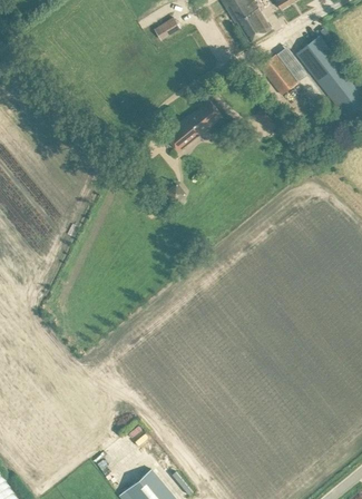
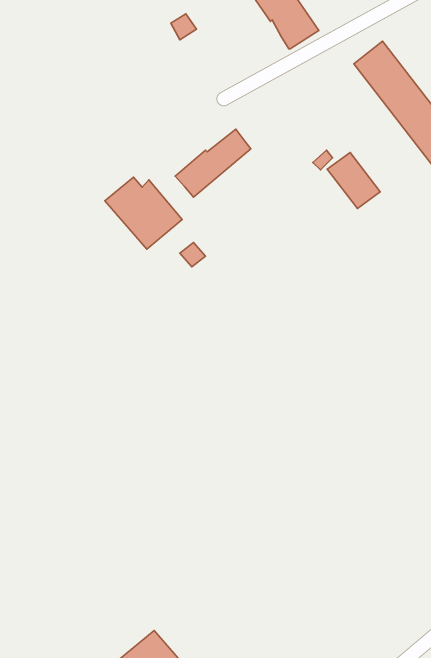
building: [258,55,297,96] -> [327,152,380,209]
building: none -> [105,177,182,249]

